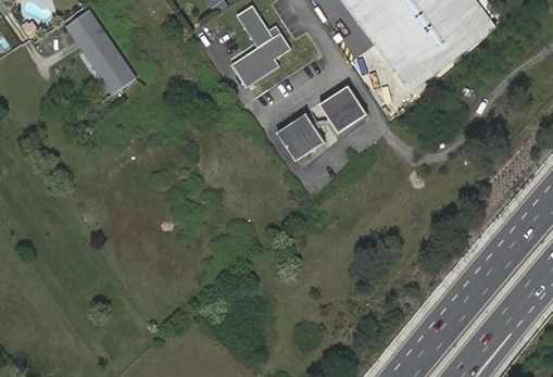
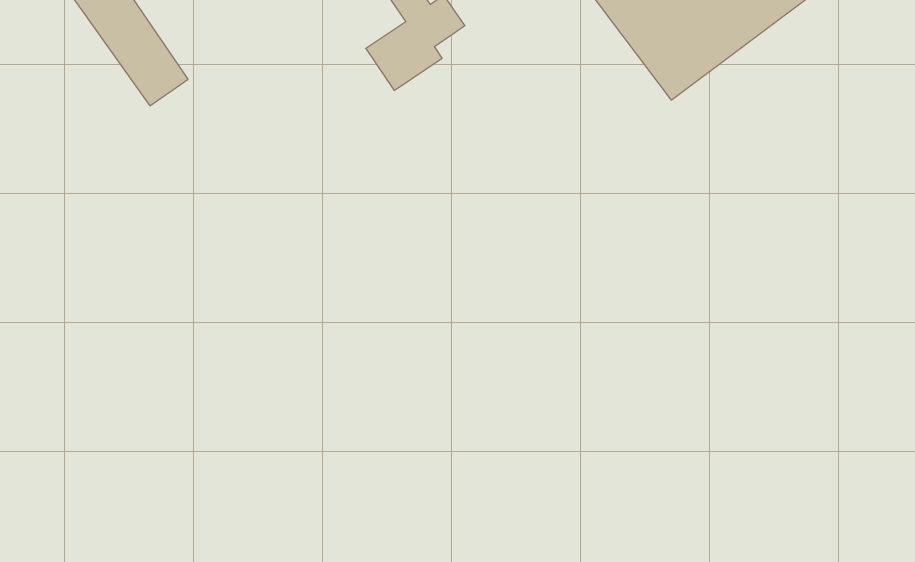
building: [321,88,365,134] -> none
building: [279,114,328,162] -> none

